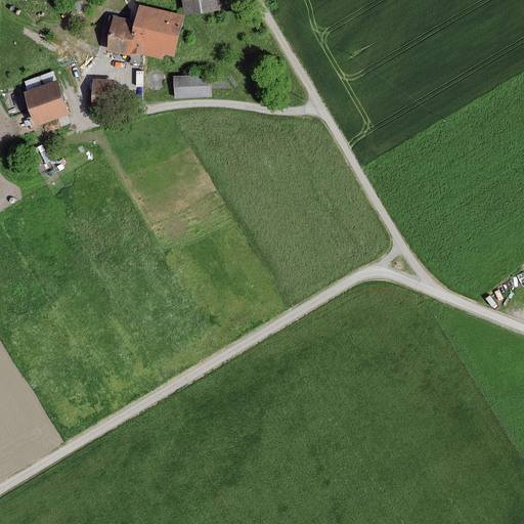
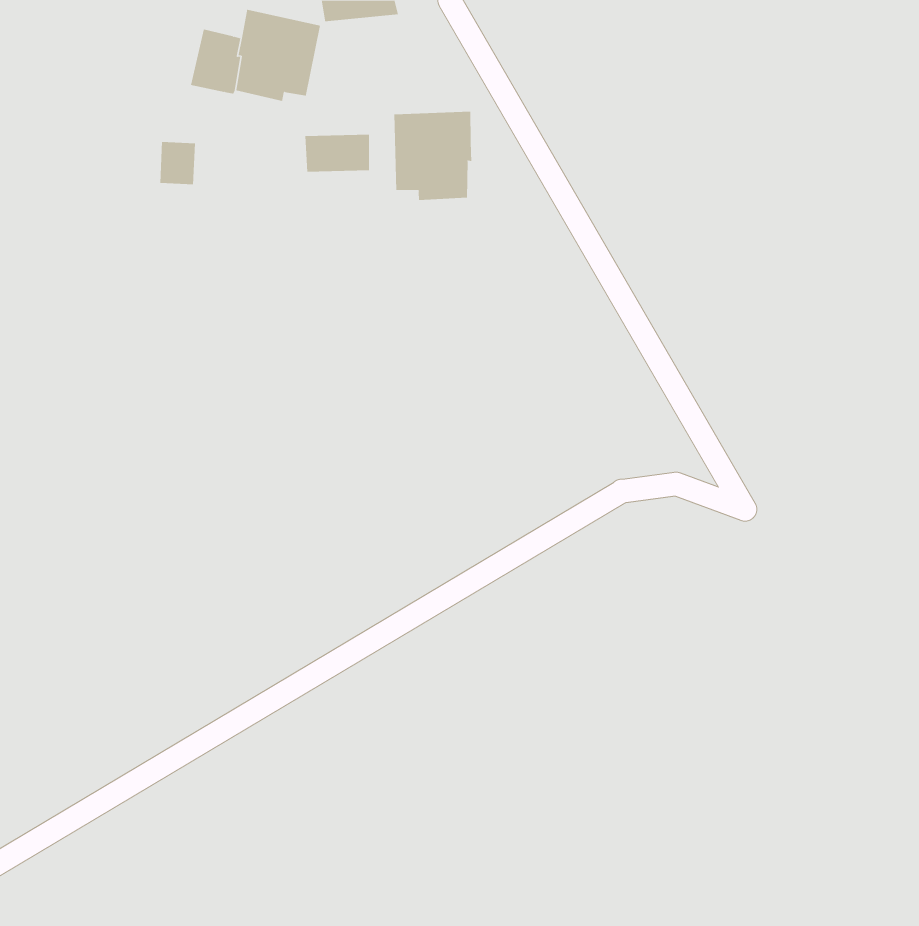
building: none -> [394,111,472,201]
building: [24,80,67,121] -> none

